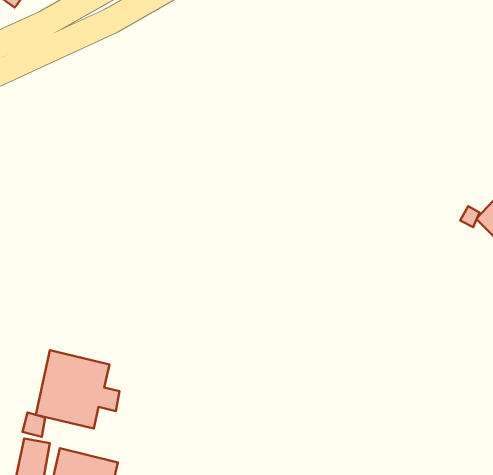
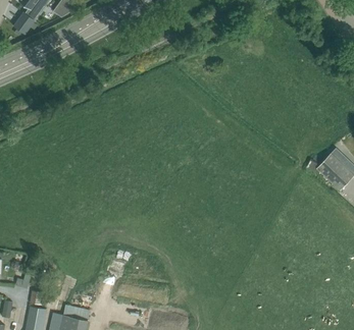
building: [36,350,120,428] -> none

